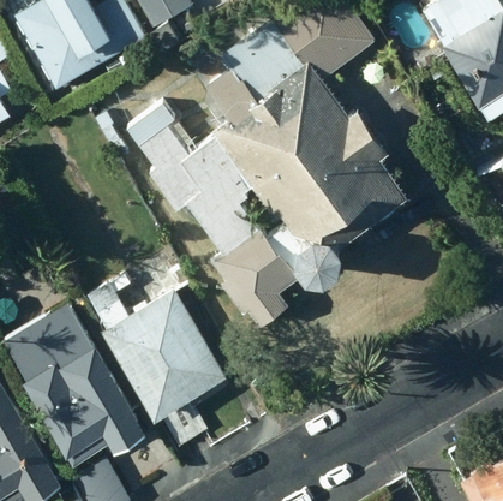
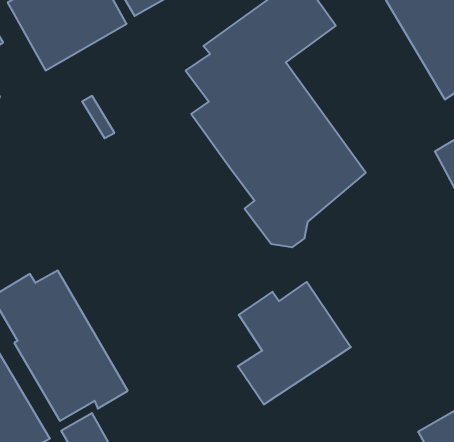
building: [127,103,298,327] -> none
building: [88,284,232,449] -> none
building: none -> [238,282,351,405]

